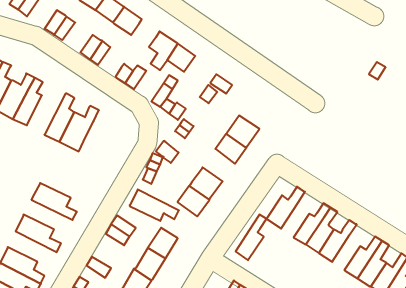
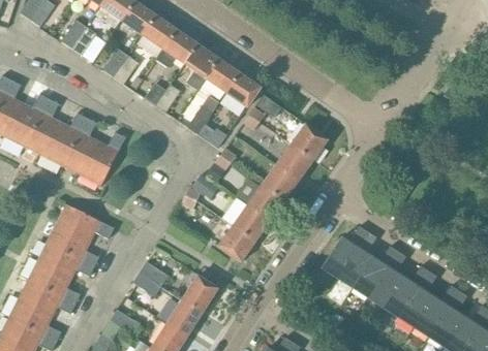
building: none -> [155,29,195,67]
building: none -> [224,72,260,105]
building: none -> [39,113,85,165]
building: none -> [289,122,328,158]
building: none -> [246,182,284,220]
building: [130,189,179,221] -> [55,202,113,240]
building: none -> [35,242,93,277]
building: [236,215,266,260] -> [339,232,375,286]
building: none -> [399,270,435,324]
building: none -> [17,279,74,315]

